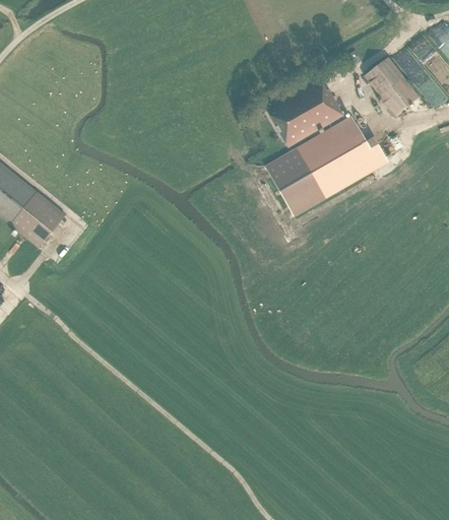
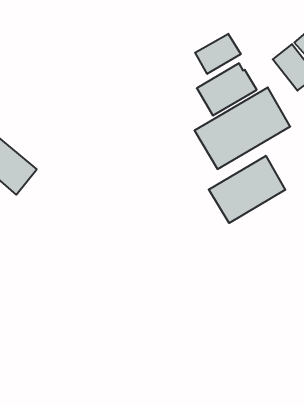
building: none -> [195,34,241,74]
building: none -> [209,156,285,223]

